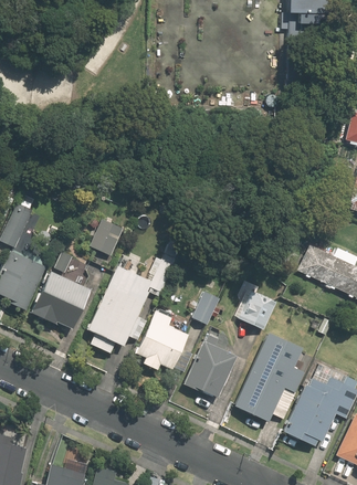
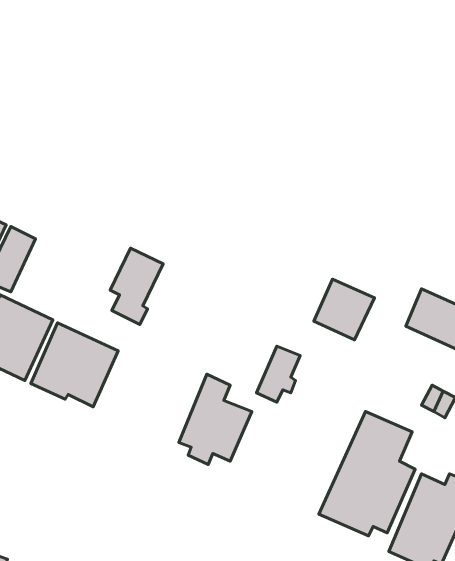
building: [53,251,91,282] -> none
building: [85,254,174,355] -> none
building: [235,288,279,331] -> [314,279,375,340]
building: [182,333,238,401] -> none

